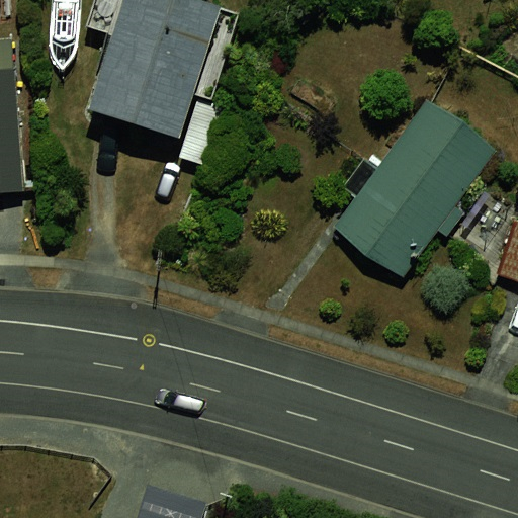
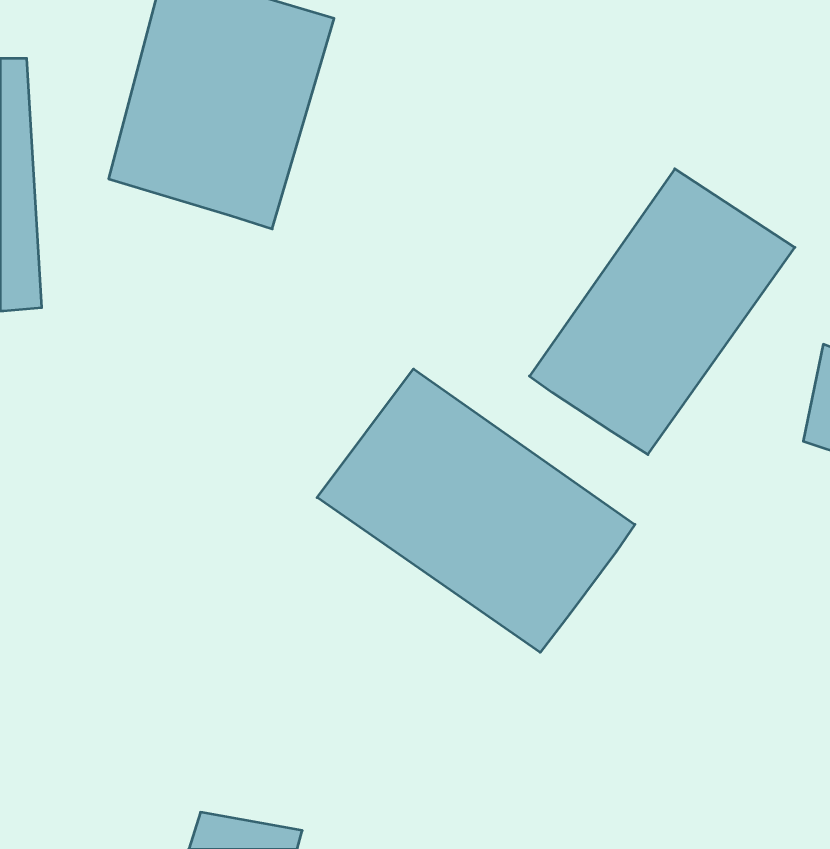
building: none -> [317,369,635,652]

